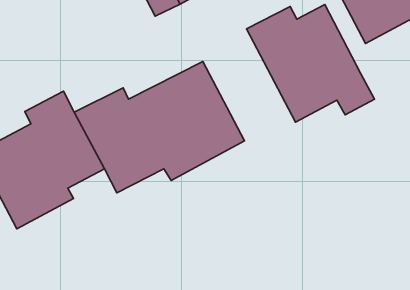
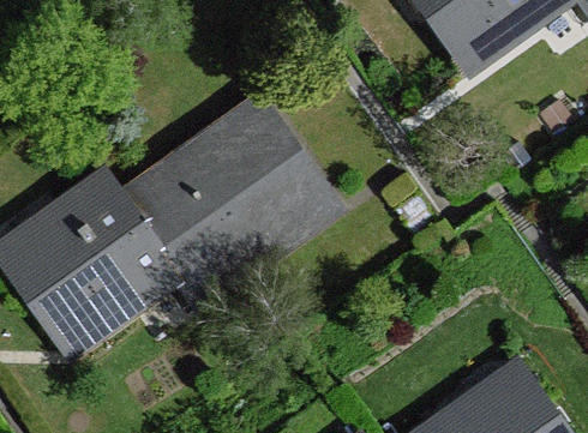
building: [246,4,374,122] -> none

